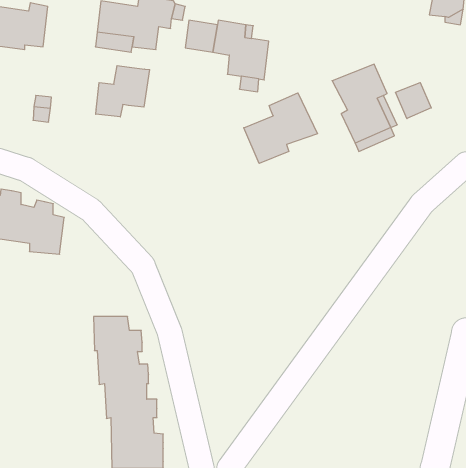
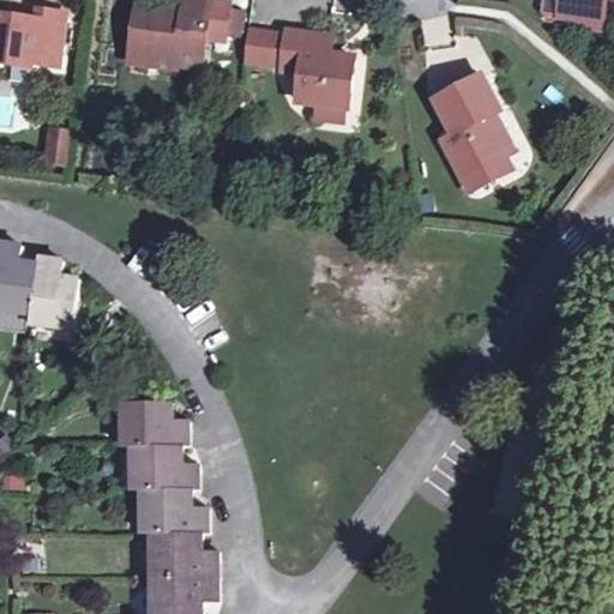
building: [96,66,150,117] -> none
building: [396,83,431,119] -> none
building: [244,93,318,163] -> none

